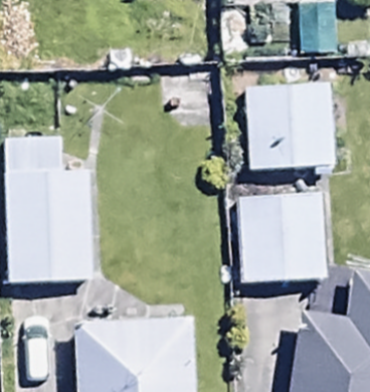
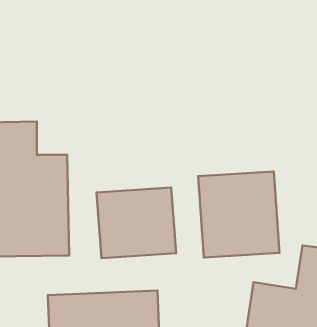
building: [246,85,334,171] -> none
building: none -> [96,188,176,258]

